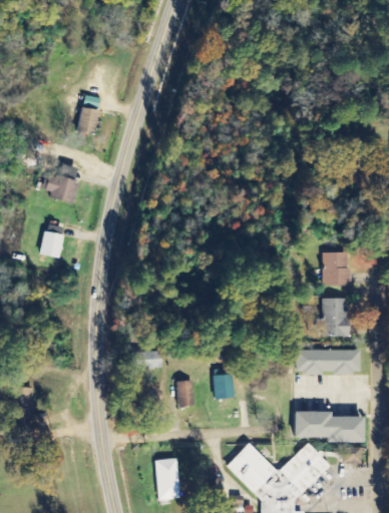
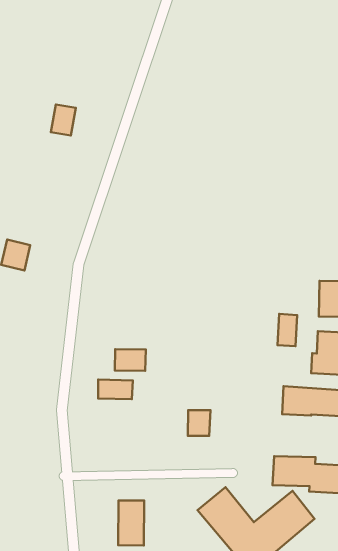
building: [43,164,79,201] -> none
building: none -> [278,314,297,346]
building: none -> [115,349,146,371]
building: [176,380,194,406] -> none

